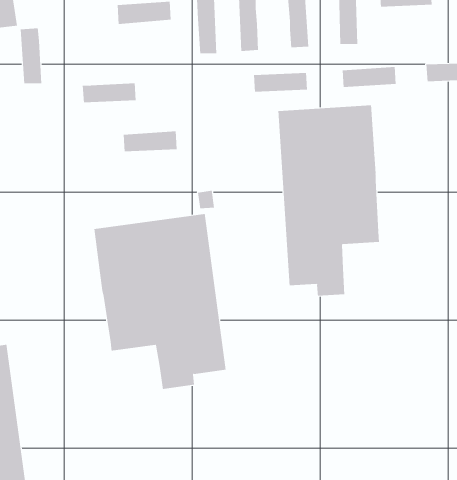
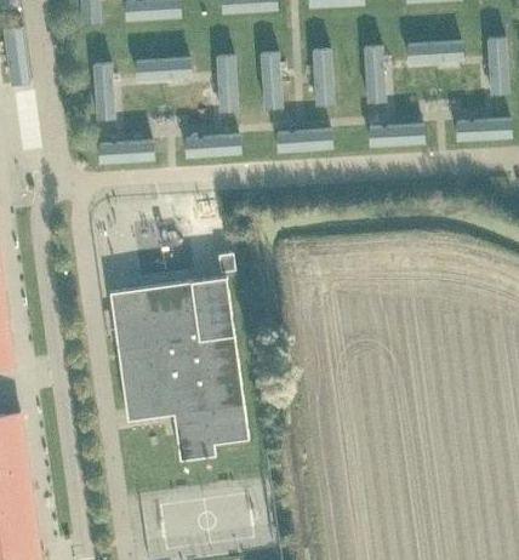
building: [20,28,42,84] -> [91,61,114,119]
building: [278,105,380,296] -> none
building: [123,131,178,152] -> [183,135,240,156]

